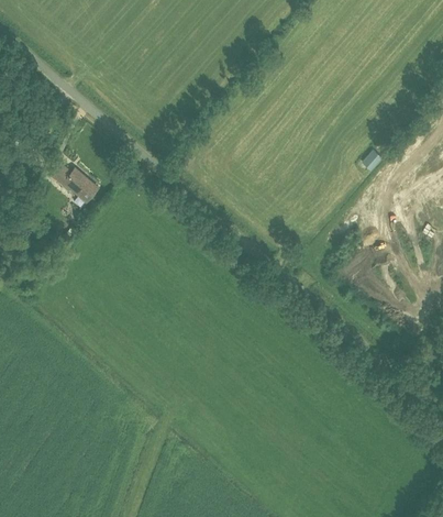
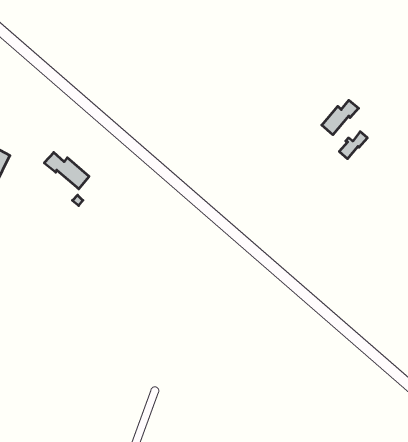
building: none -> [322,100,359,135]

